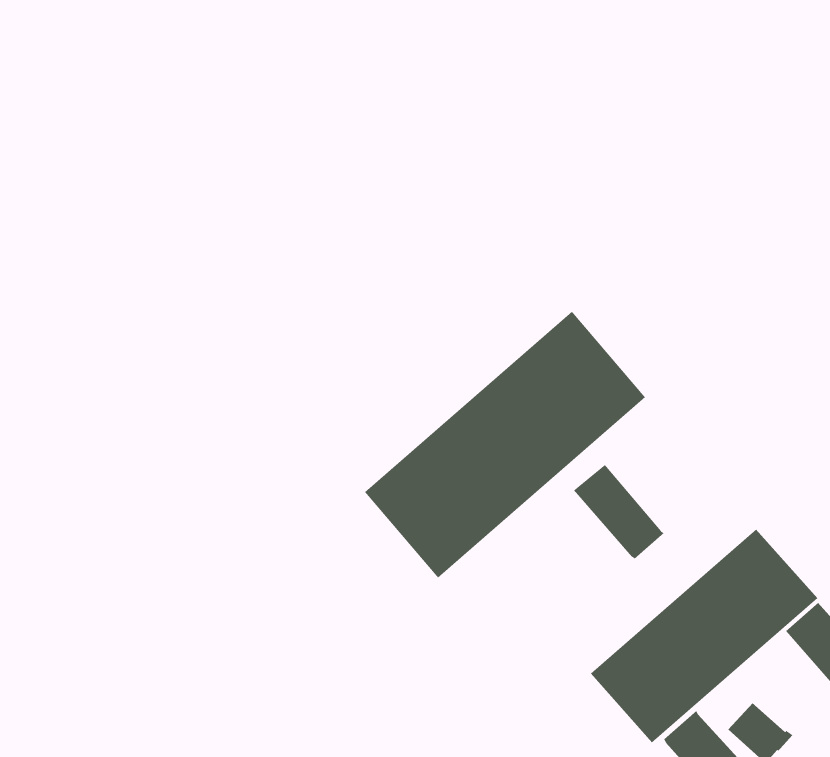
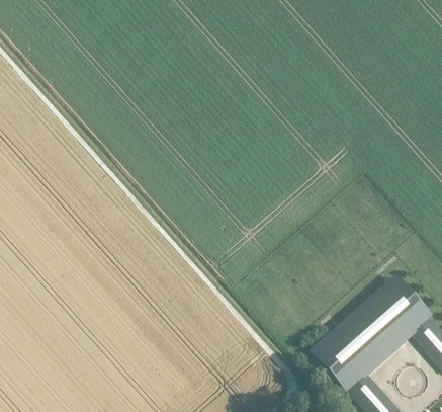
building: [364,311,646,578] -> none
building: [573,464,665,560] -> none

